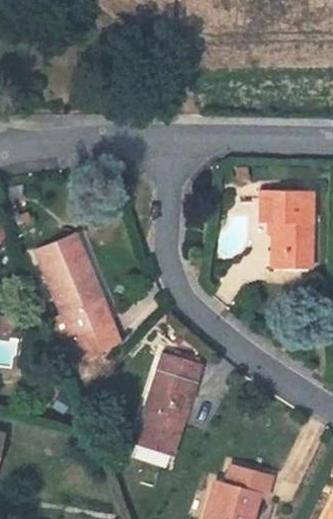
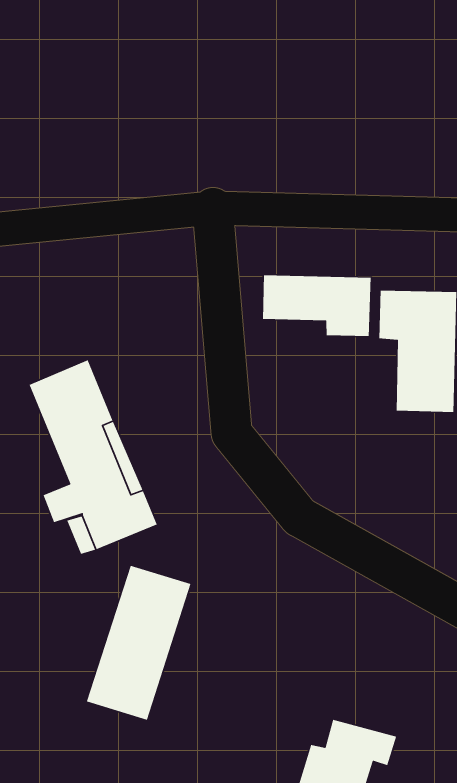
building: none -> [262,274,372,337]
building: [134,354,201,454] -> [86,565,192,721]

